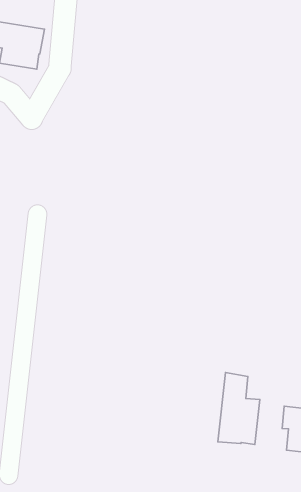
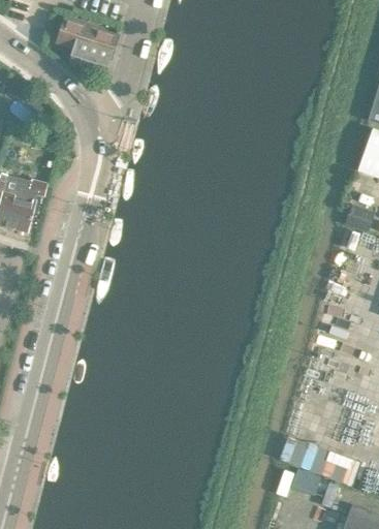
building: [218,372,260,444] -> none

